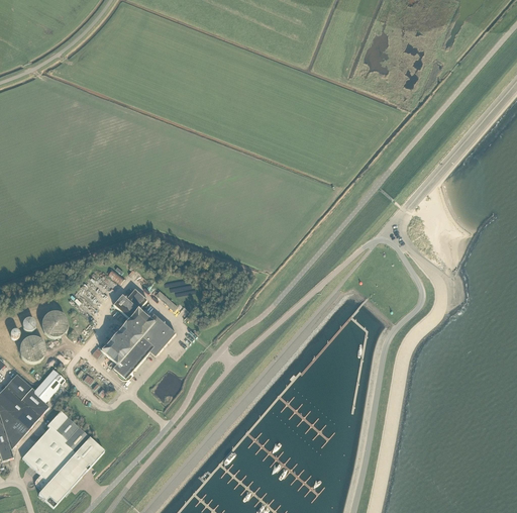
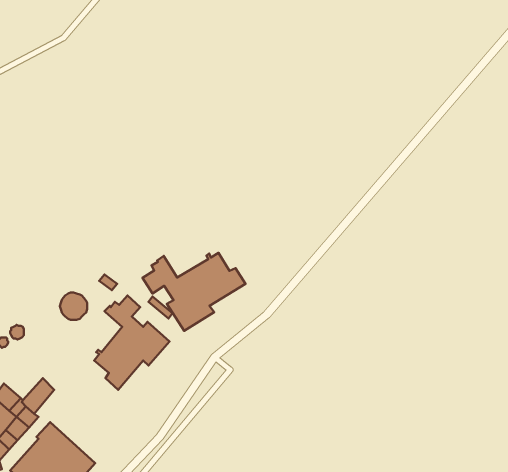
building: none -> [142,253,246,331]
building: [40,310,67,336] -> [60,293,87,320]
building: [18,335,44,362] -> none

